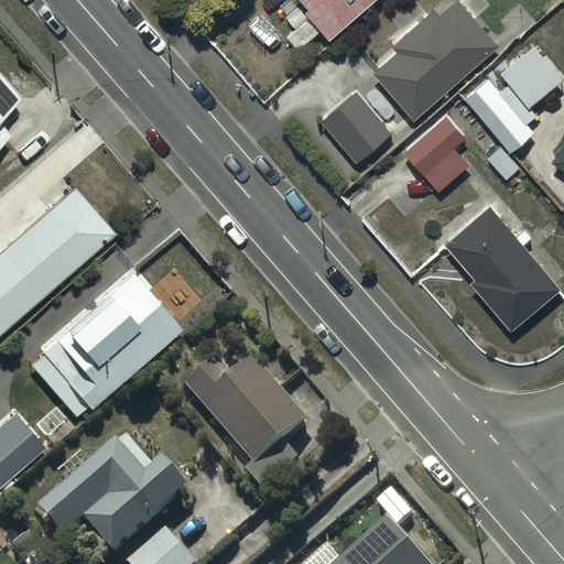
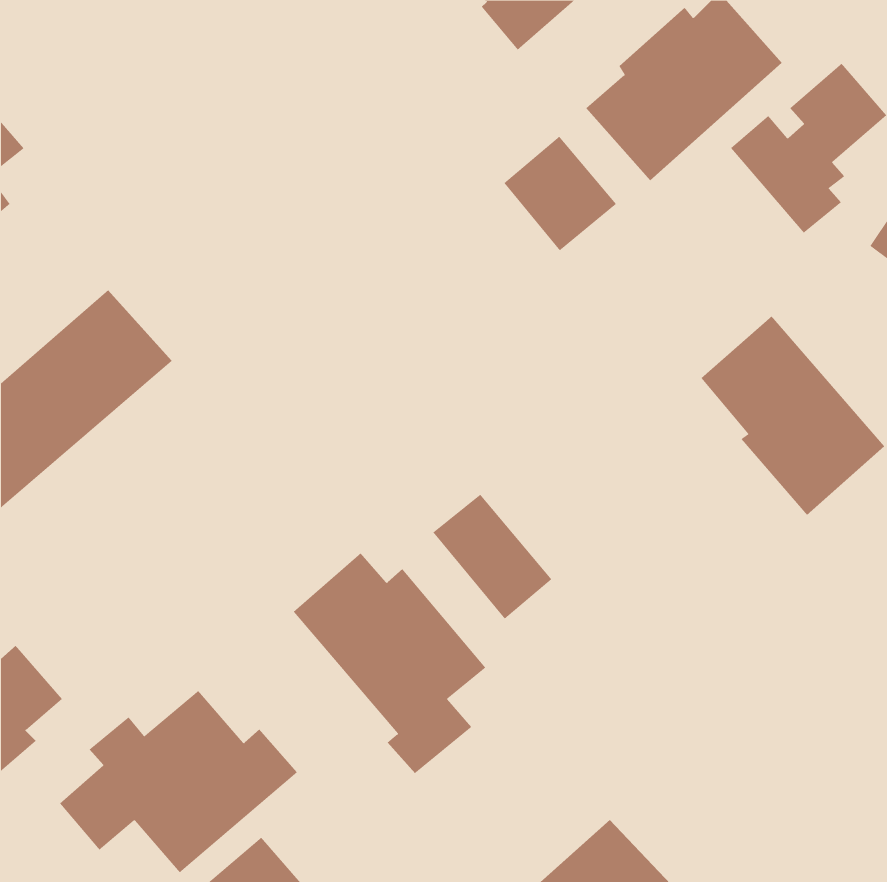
building: [403,113,469,193] -> none
building: [32,273,176,412] -> none
building: none -> [433,494,552,620]

